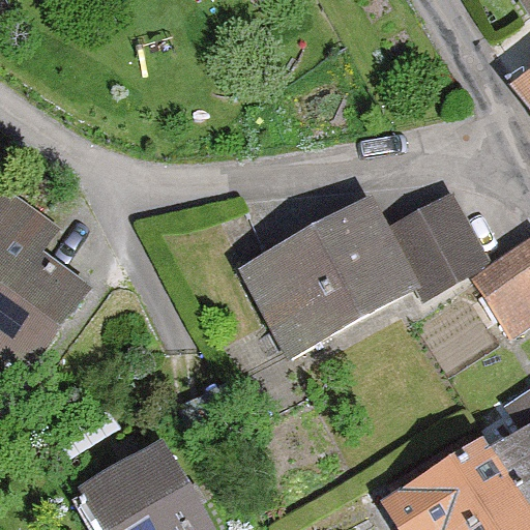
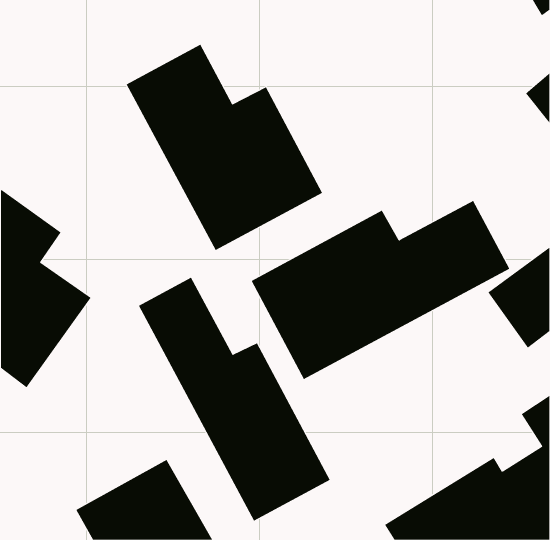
building: none -> [126,44,323,251]
building: none -> [138,277,330,522]

